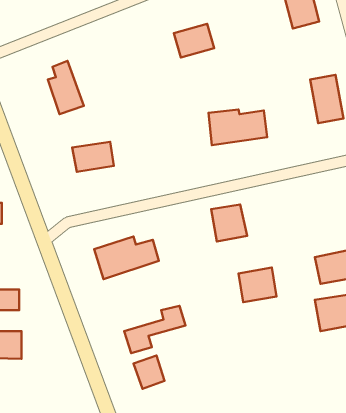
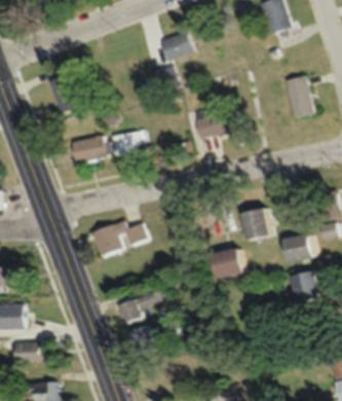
building: none -> [111,134,138,153]
building: [211,205,247,242] -> [246,208,278,241]
building: none -> [11,342,46,363]

